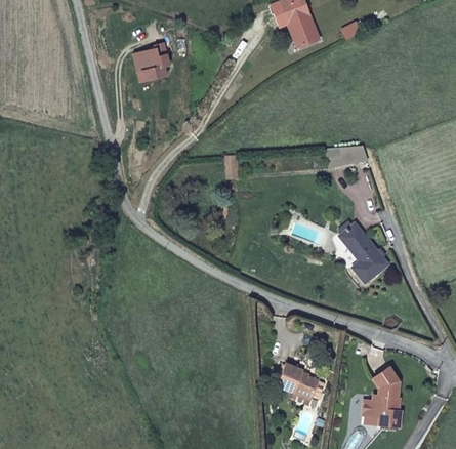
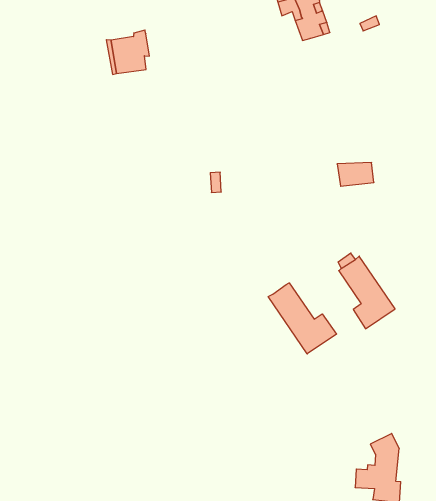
building: none -> [268,283,337,354]
building: [281,368,329,404] -> none

